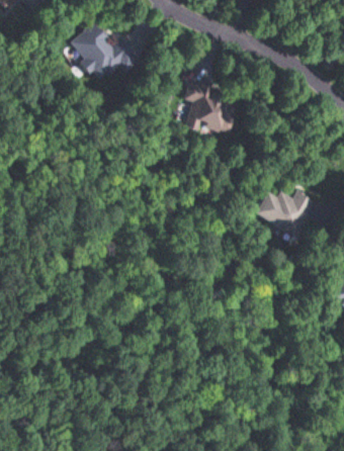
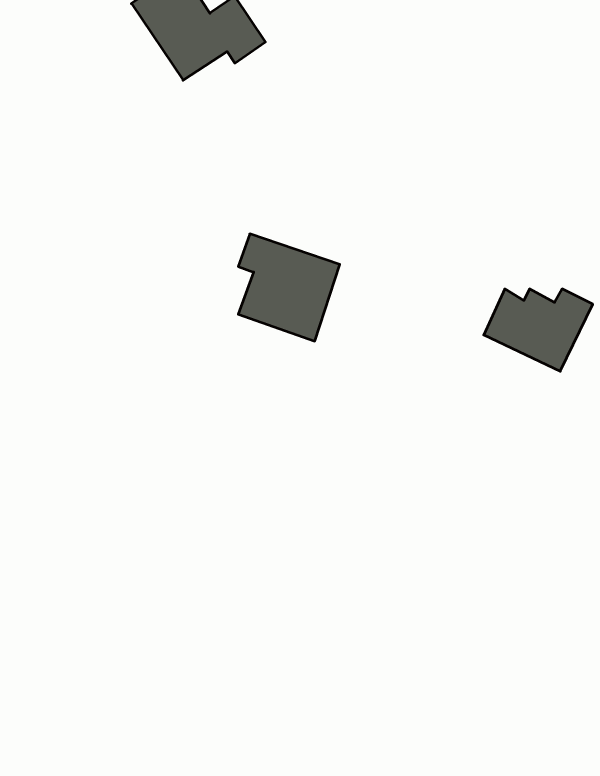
building: [185,82,239,139] -> [238,234,340,341]

